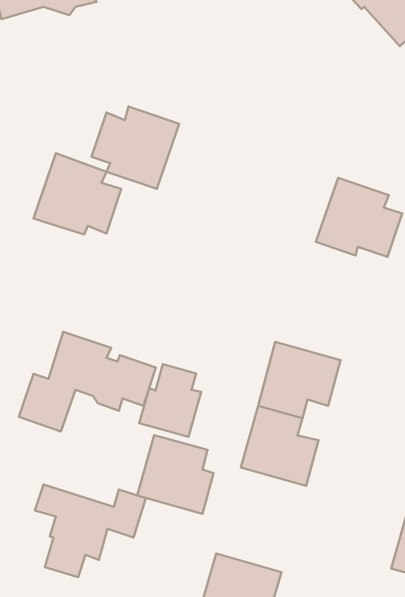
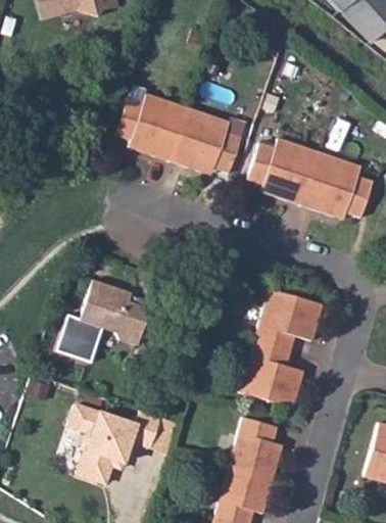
building: [34,153,121,235] -> [170,107,242,175]
building: none -> [247,138,320,205]
building: [139,364,201,437] -> none
building: [137,435,214,514] -> [219,414,282,479]

